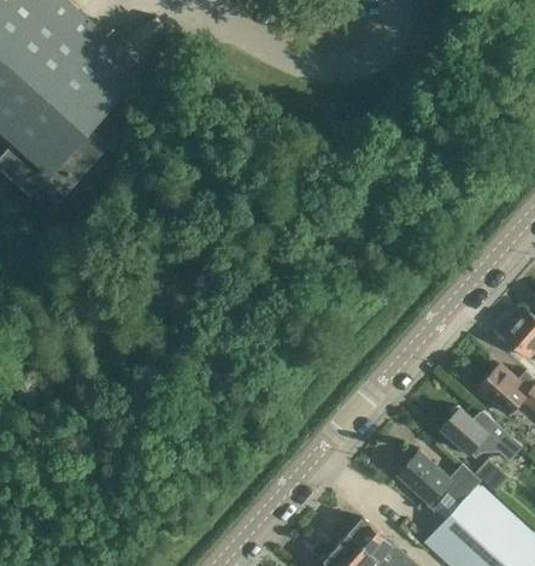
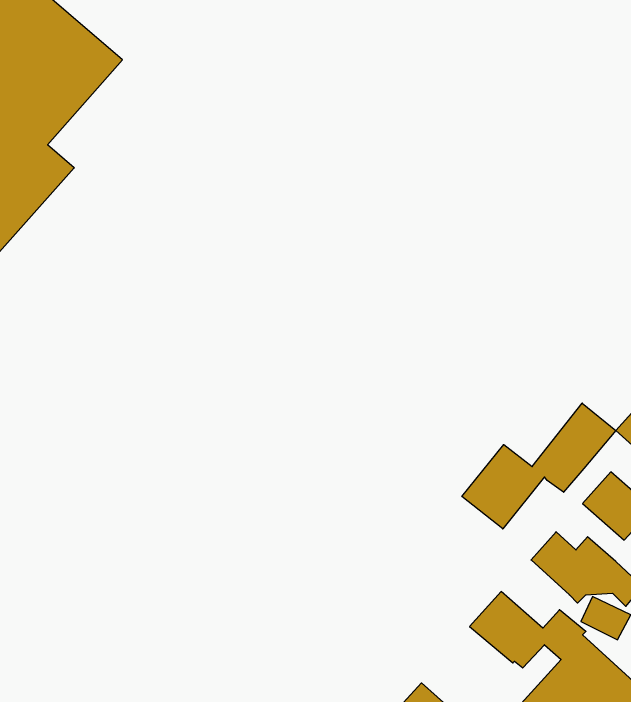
building: none -> [462,403,616,529]

